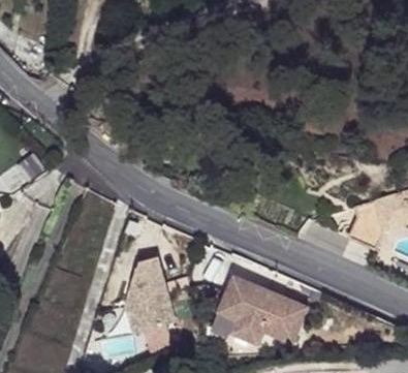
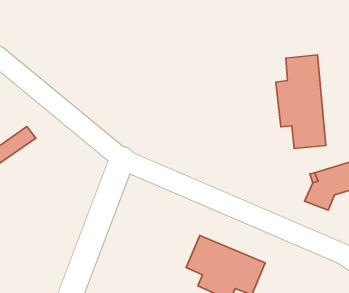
building: none -> [276,55,326,149]
building: [124,255,171,330] -> none

